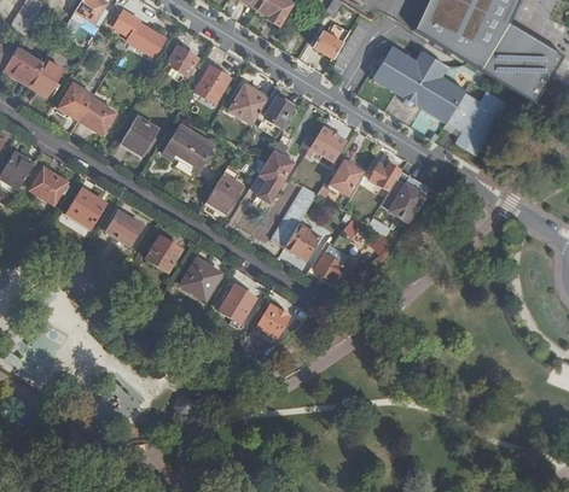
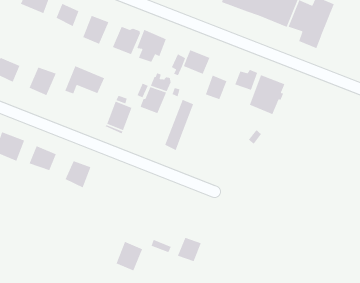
building: [285,224,319,259] -> none
building: [314,247,347,282] -> none
building: [181,259,220,299] -> none
building: [219,285,255,323] -> [115,241,143,272]
building: [256,305,289,338] -> [177,237,202,262]

